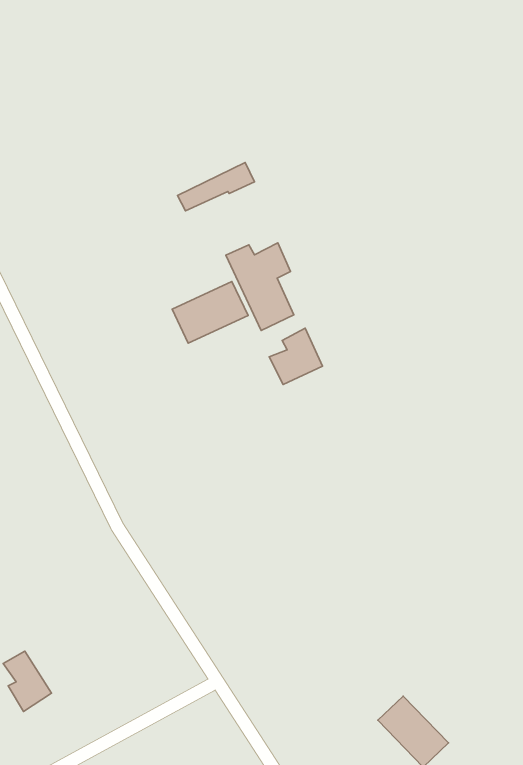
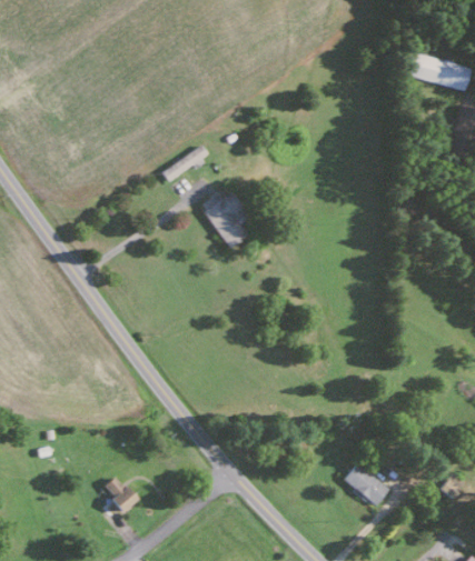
building: [172,281,248,343] -> none
building: [269,328,322,384] -> none

